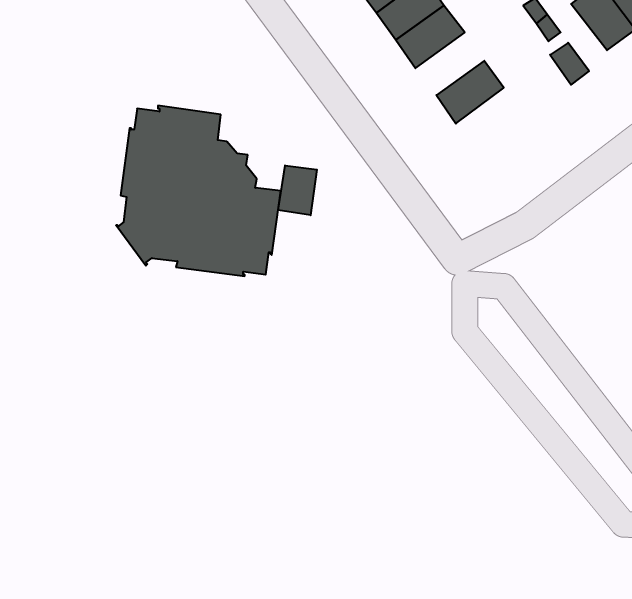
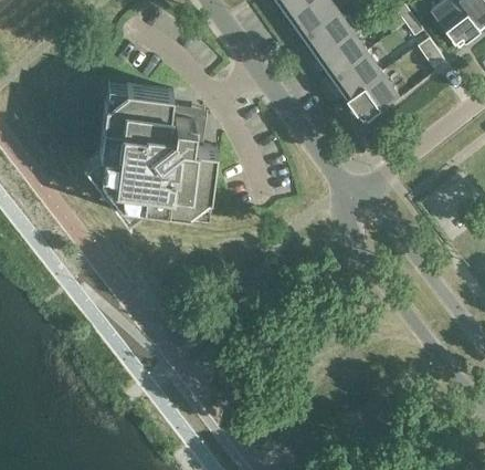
building: none -> [317,31,368,77]
building: none -> [347,72,398,119]
building: [278,165,317,215] -> none

